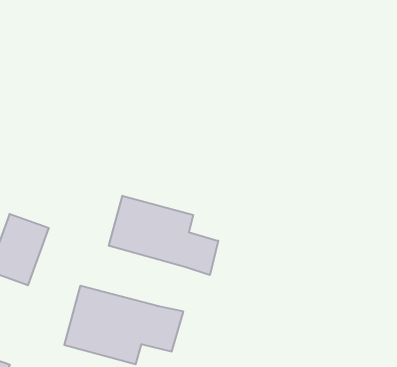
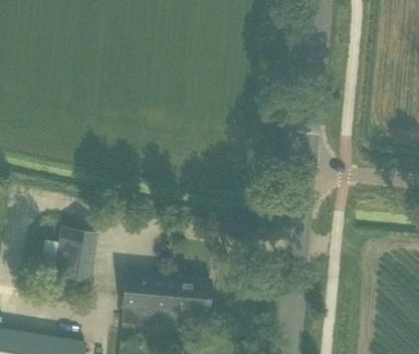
building: [109,196,218,275] -> none

